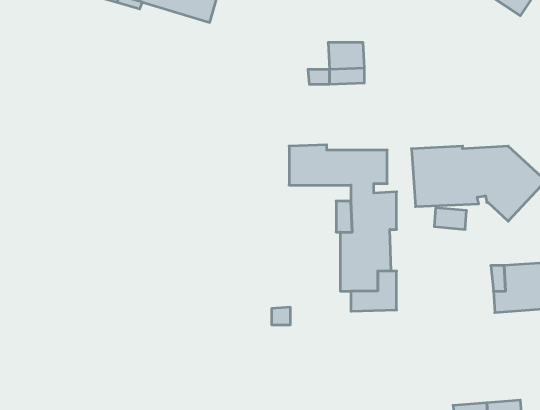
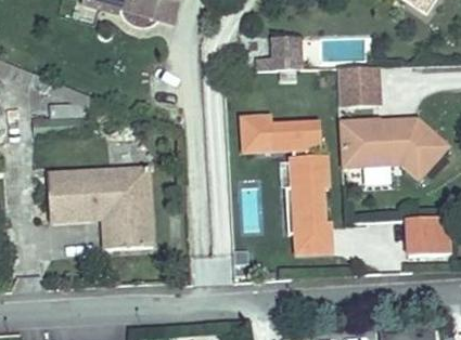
building: none -> [335,68,379,109]
building: none -> [47,167,149,246]

